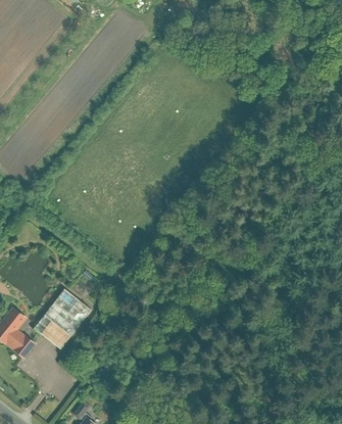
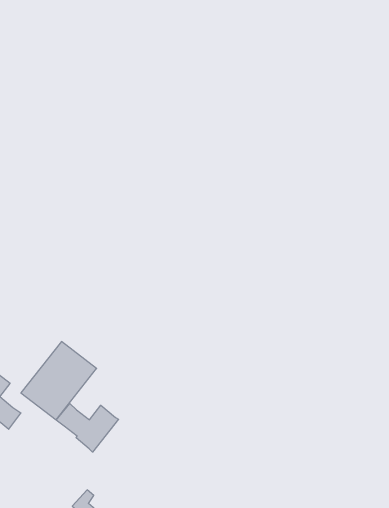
building: none -> [56,404,119,452]

